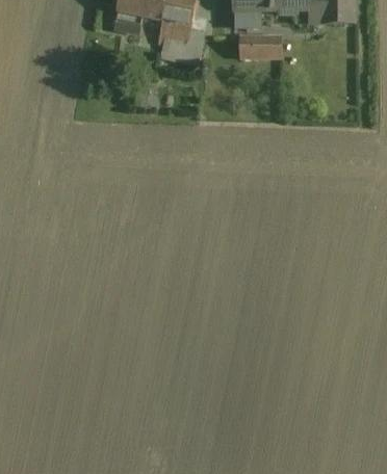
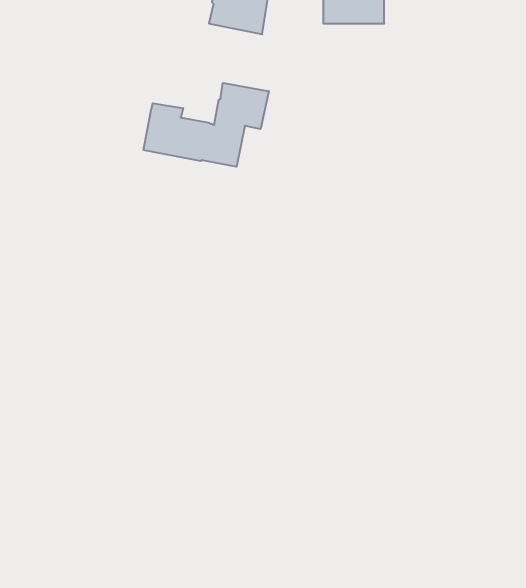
building: none -> [144,83,269,167]

